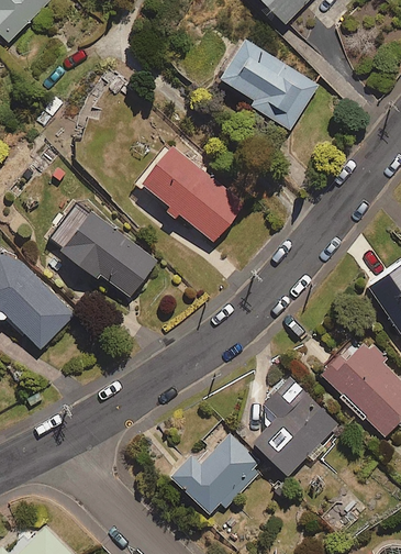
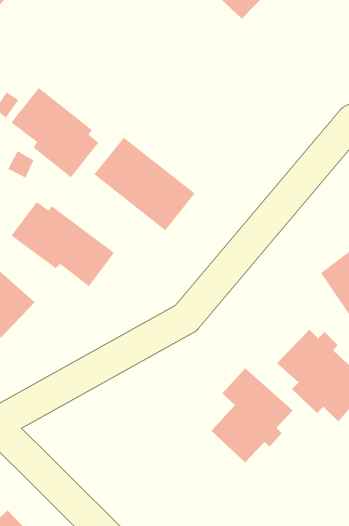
building: [223,40,319,129] -> none
building: none -> [11,87,99,178]
building: [172,433,265,518] -> none

